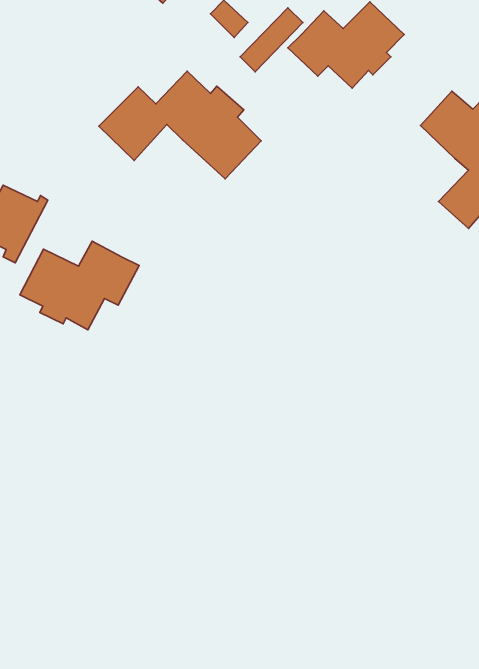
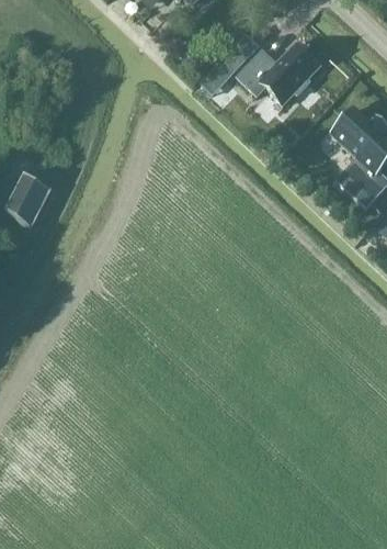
building: [99,71,261,179] -> none
building: [20,241,139,330] -> none

